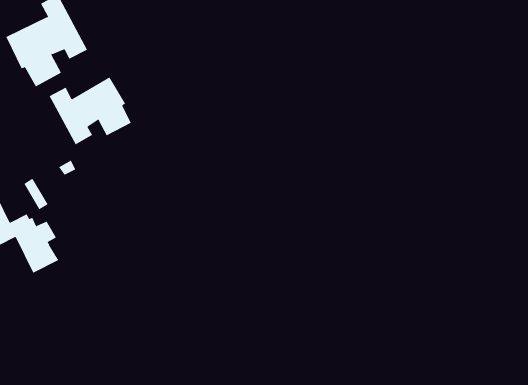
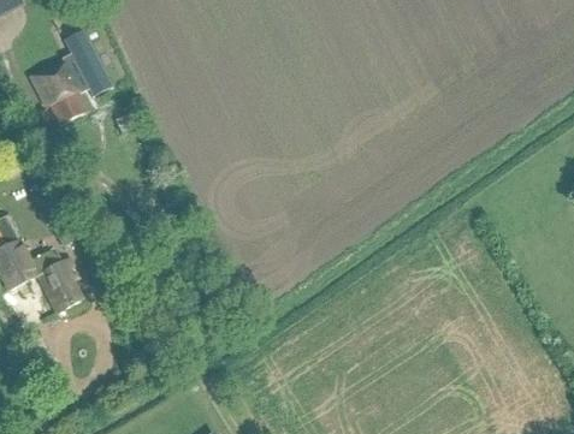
building: [49,77,132,145] -> none

